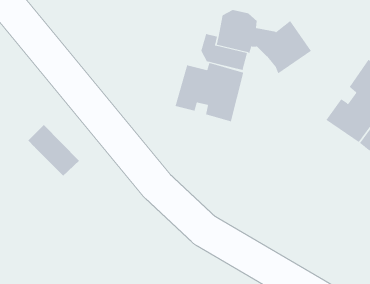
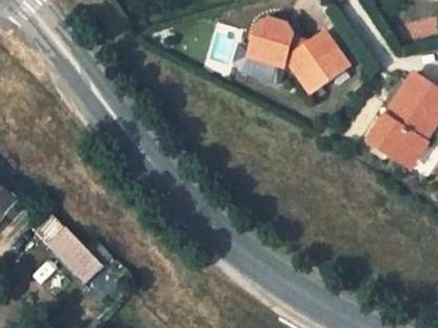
building: [175,62,244,122] -> none
building: [27,124,80,176] -> [43,228,99,284]

